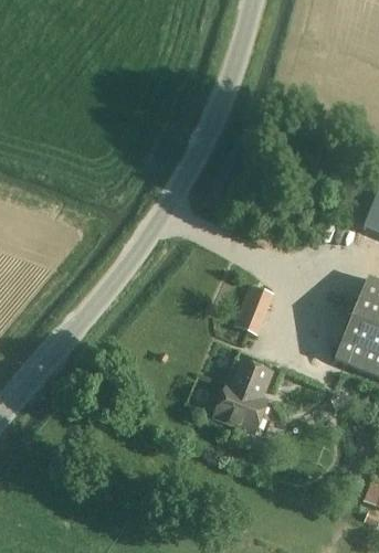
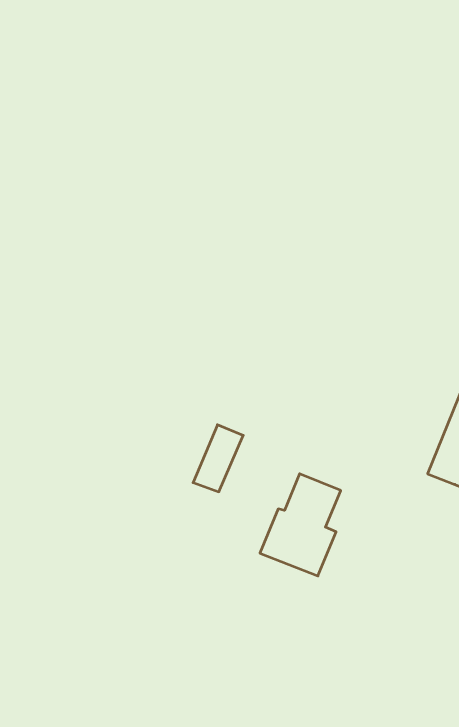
building: [232,284,269,332] -> [193,425,243,492]

